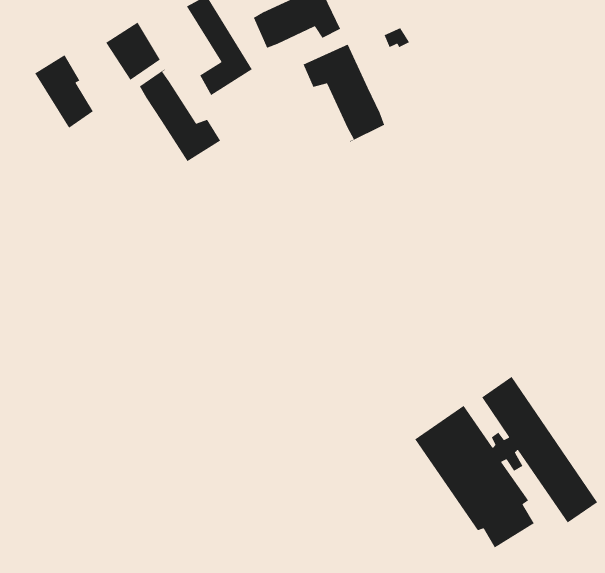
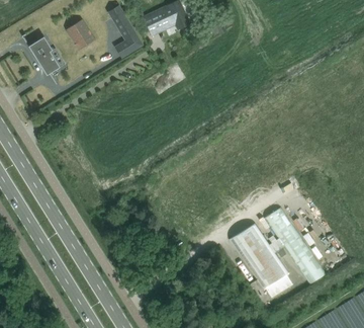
building: [302,43,385,142] -> none
building: [139,69,221,162] -> none

